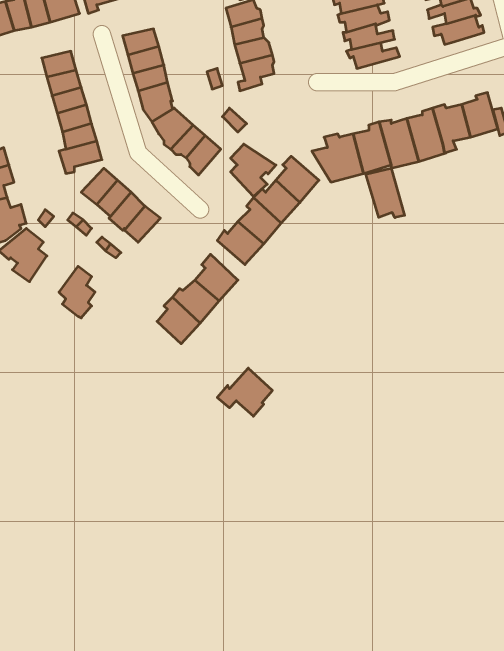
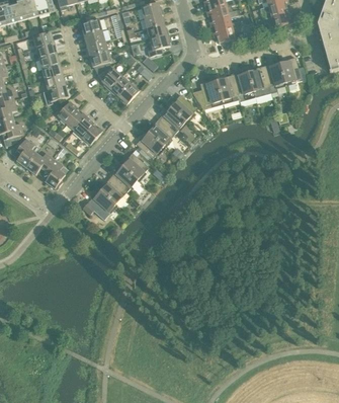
building: [231,144,276,197] -> none
building: [366,168,405,218] -> none
building: none -> [25,152,54,174]
building: [217,368,272,416] -> [82,190,114,219]

